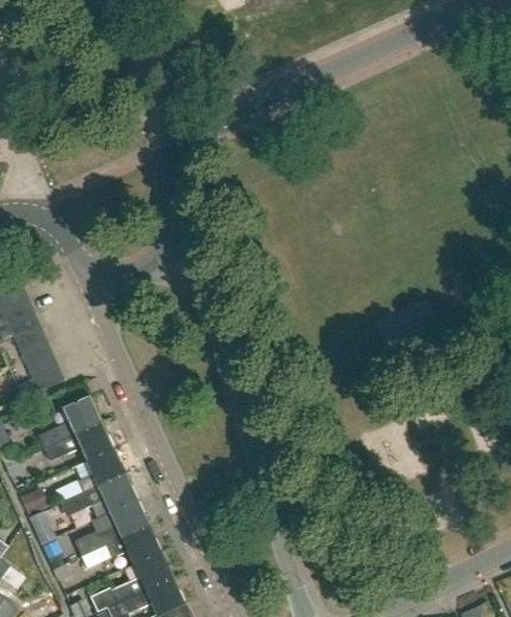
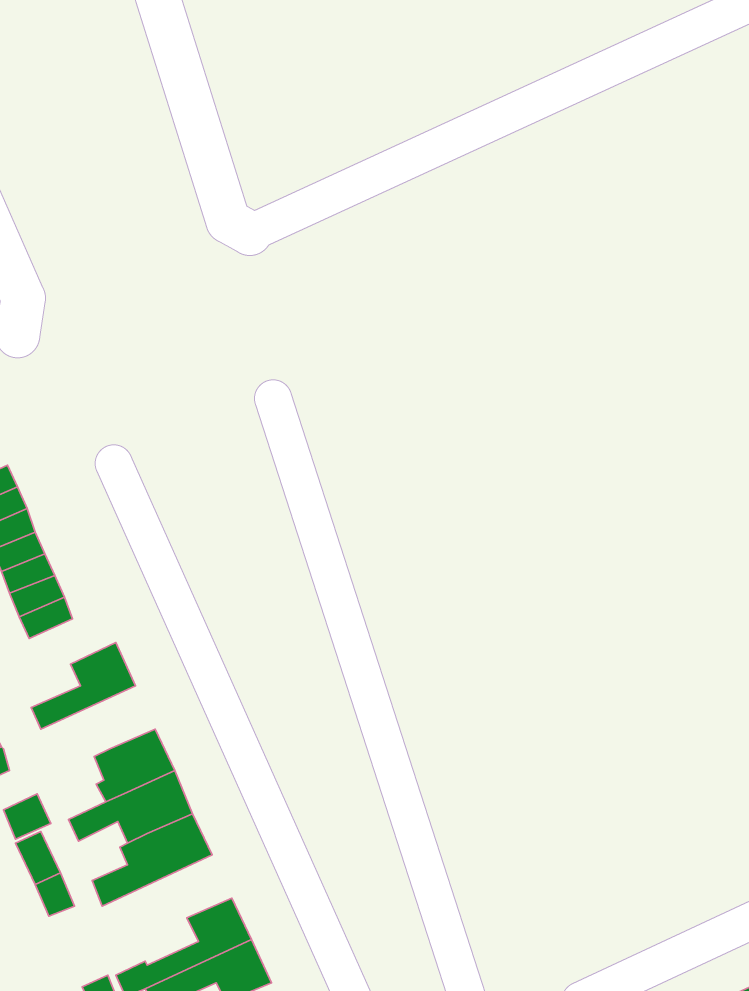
building: [43,421,113,460] -> none
building: [81,524,160,568] -> none

